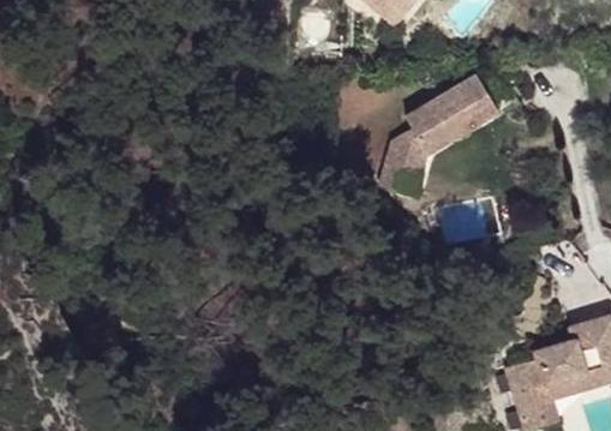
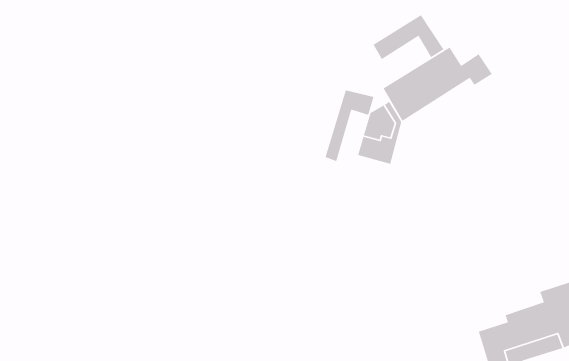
building: none -> [373,14,444,60]
building: none -> [325,89,374,162]

